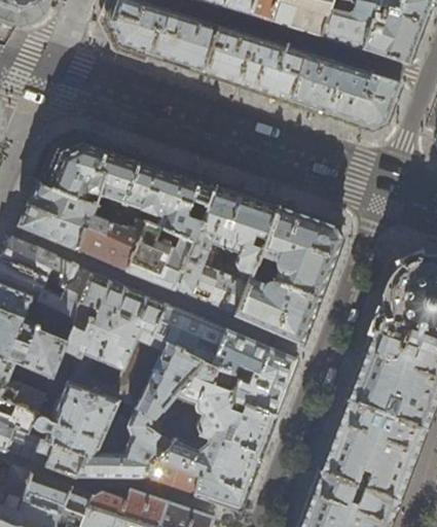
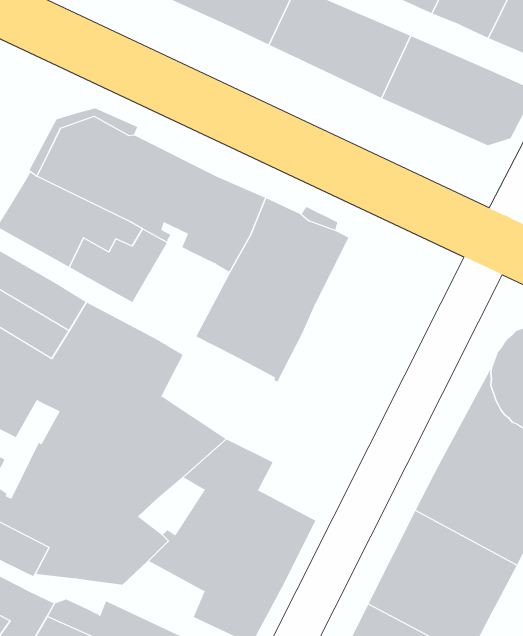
building: [238,207,342,346] -> none
building: [125,223,193,291] -> none
building: [154,306,298,416] -> none
building: [141,459,201,496] -> none

